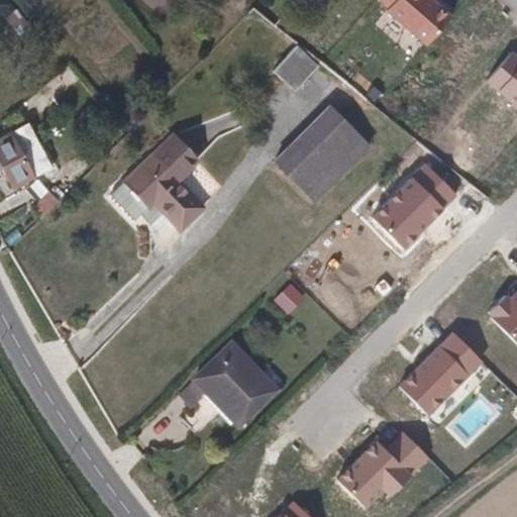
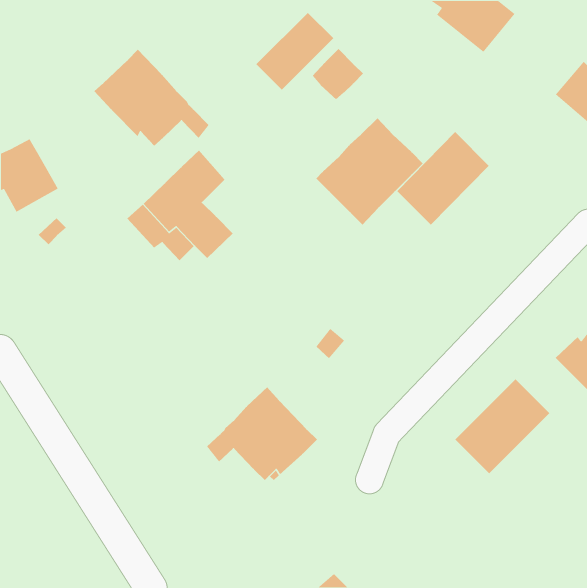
building: none -> [256,12,334,91]
building: none -> [94,49,209,147]
building: [372,164,453,246] -> [396,131,490,226]
building: [335,432,431,511] -> none

